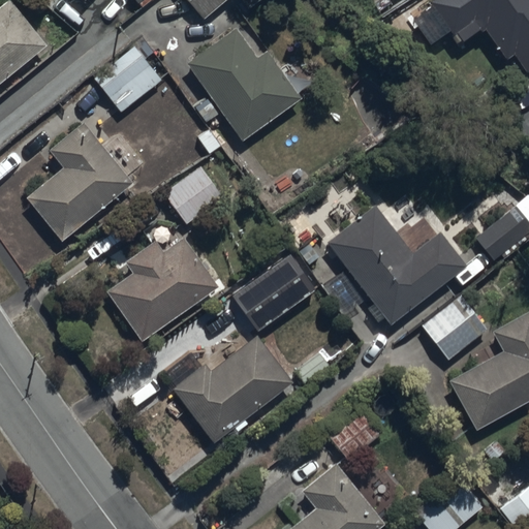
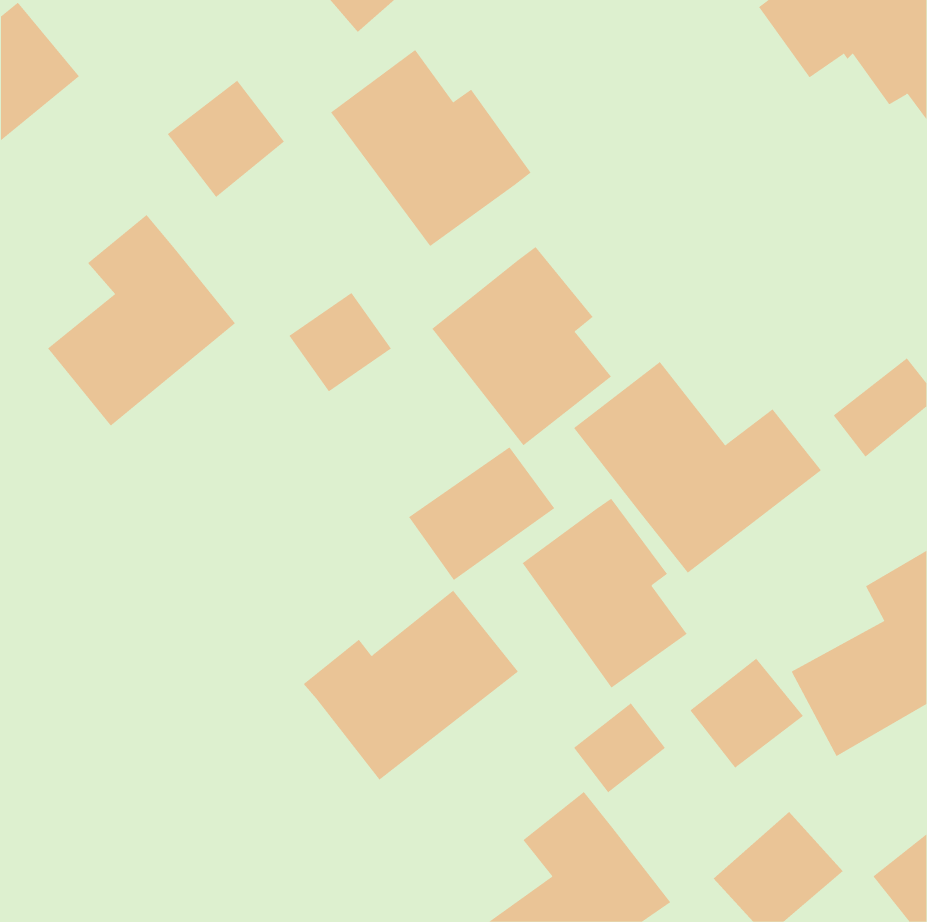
building: none -> [432,246,612,446]
building: [108,239,219,342] -> none
building: none -> [522,498,688,689]
building: [422,297,487,360] -> [689,658,804,769]

